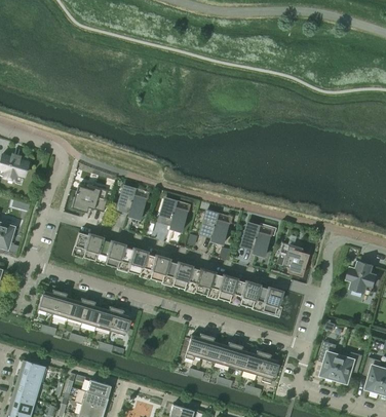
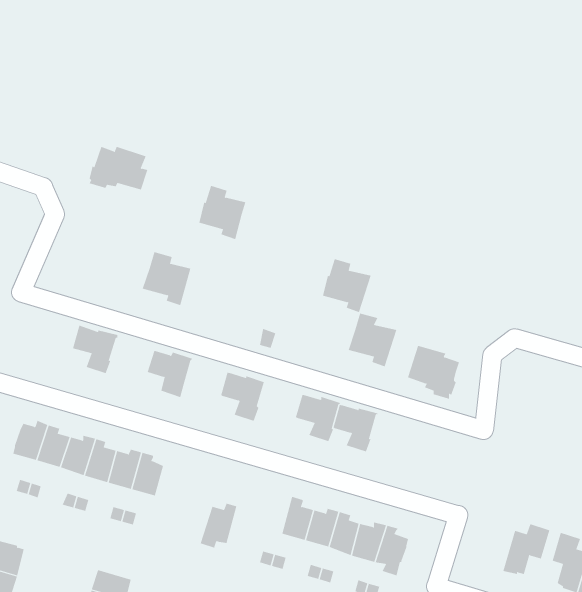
building: [72,185,108,212] -> [89,146,148,190]
building: [159,199,188,232] -> [198,185,246,240]
building: [200,212,230,244] -> [322,259,371,313]
building: [98,239,125,268] -> none
building: [143,253,169,282] -> none
building: [347,261,377,292] -> none
building: [187,266,215,296] -> none
building: [255,286,282,314] -> none
building: [185,333,207,361] -> [200,503,237,549]
building: [319,341,342,380] -> none

